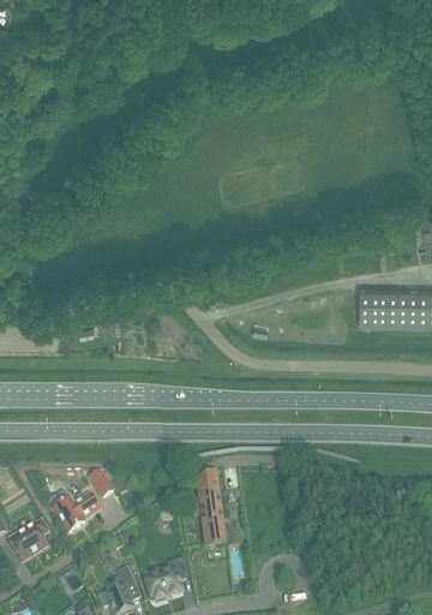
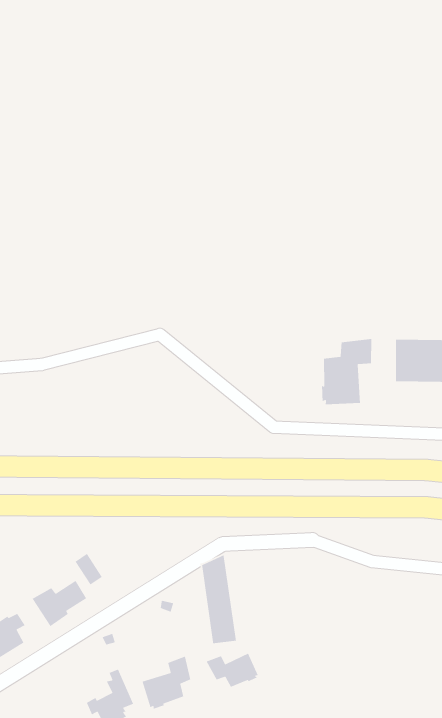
building: none -> [321,338,372,405]
building: none -> [206,652,259,688]

